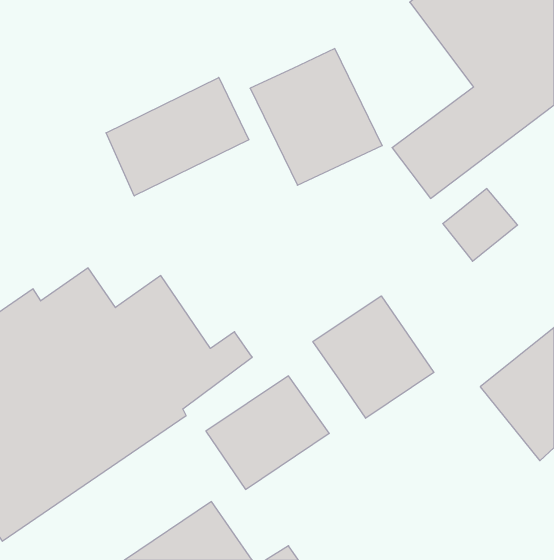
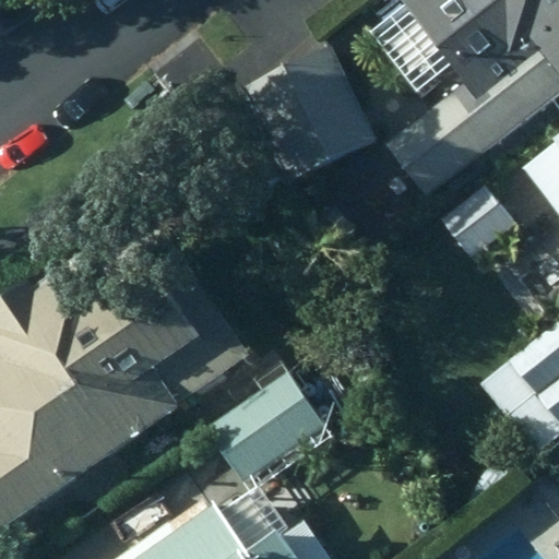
building: [106,77,249,196] -> none
building: [313,296,434,418] -> none

